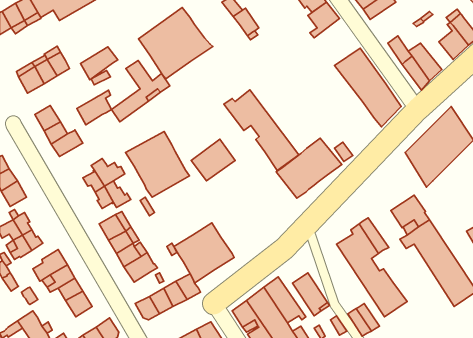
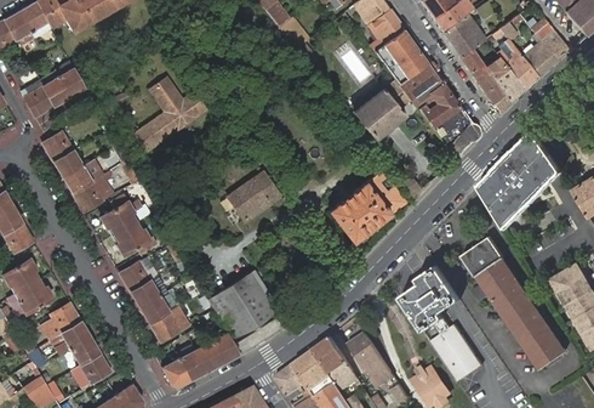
building: none -> [442,15,485,57]
building: [138,8,213,79] -> none
building: none -> [373,28,428,84]
building: none -> [497,39,538,89]
building: [81,47,118,80] -> none
building: none -> [353,87,405,140]
building: [224,90,299,171] -> none
building: [77,90,112,125] -> [72,170,113,211]
building: [125,131,190,197] -> none

